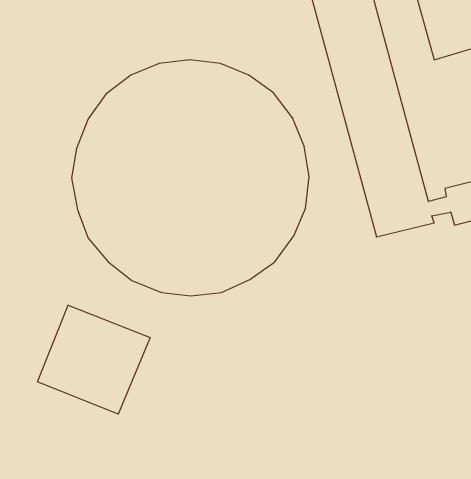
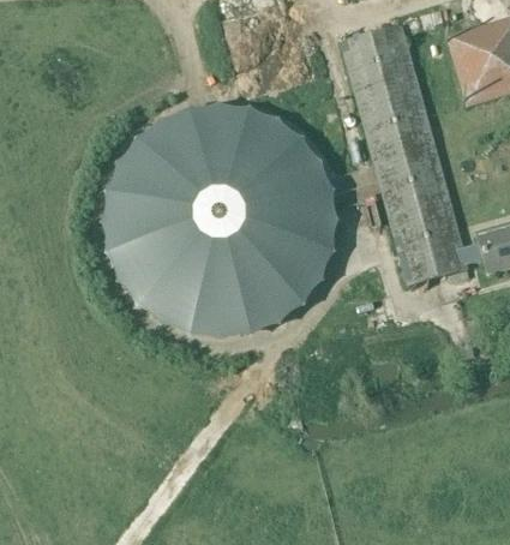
building: [37,305,150,414] -> none

